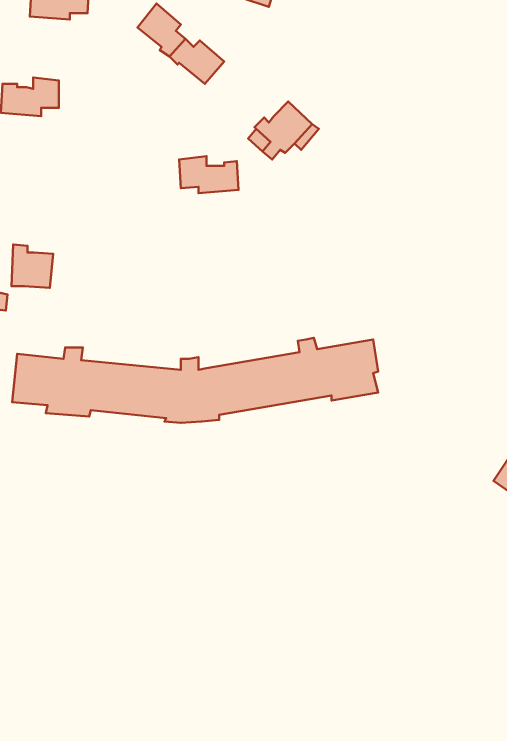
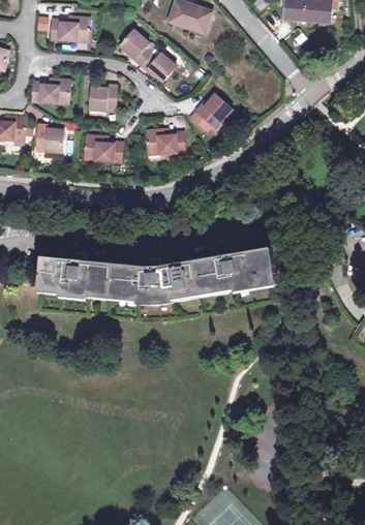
building: none -> [89,84,118,111]
building: none -> [85,134,122,160]
building: [11,244,53,288] -> [37,123,64,151]

